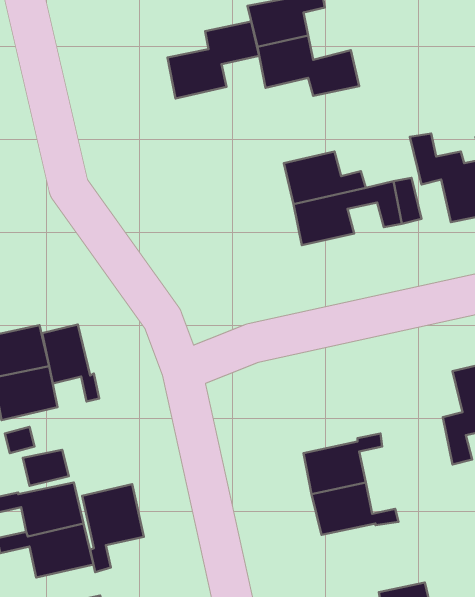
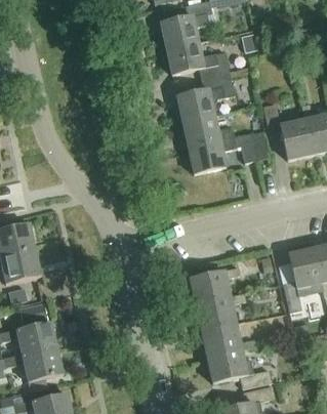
building: [167,21,259,98] -> [177,74,235,122]
building: [42,325,99,401] -> none
building: none -> [189,265,239,303]
building: [82,484,144,572] -> none
building: none -> [206,347,271,386]

